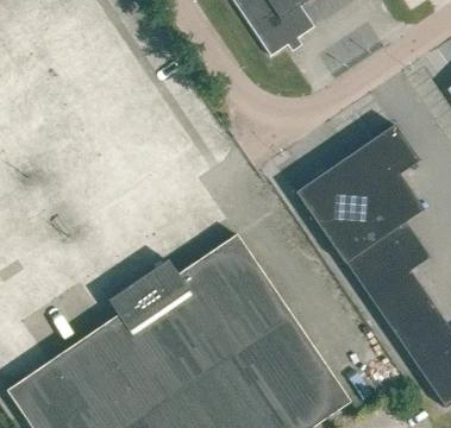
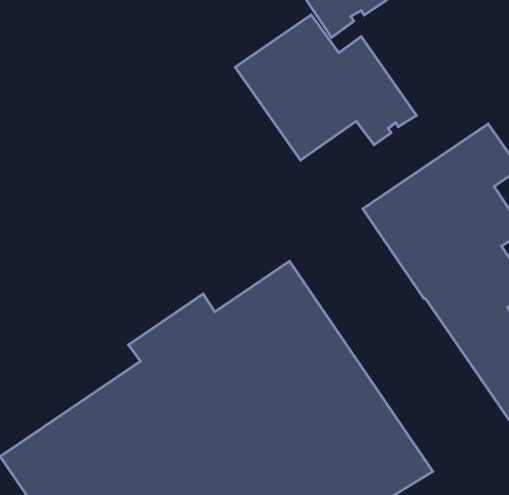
building: none -> [235,15,417,160]

